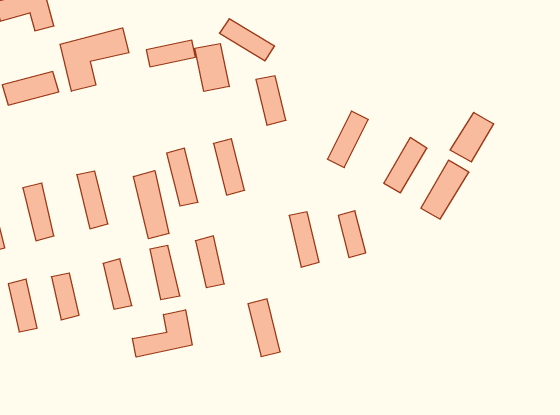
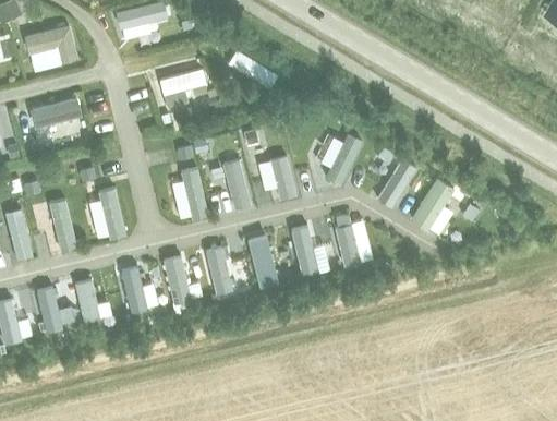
building: [60,28,129,91] -> none
building: [195,44,229,91] -> none
building: [256,76,286,125] -> [268,155,295,200]
building: [450,112,494,162] -> none
building: [133,171,169,239] -> none
building: [248,299,280,357] -> [247,236,277,288]
building: [132,310,192,357] -> none

